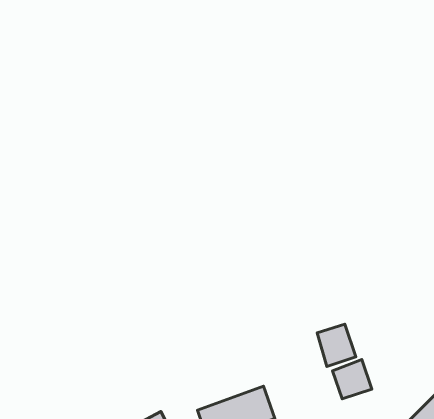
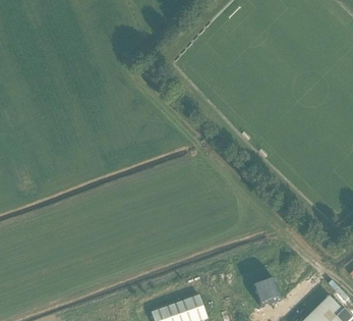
building: [317,324,356,366] -> none

